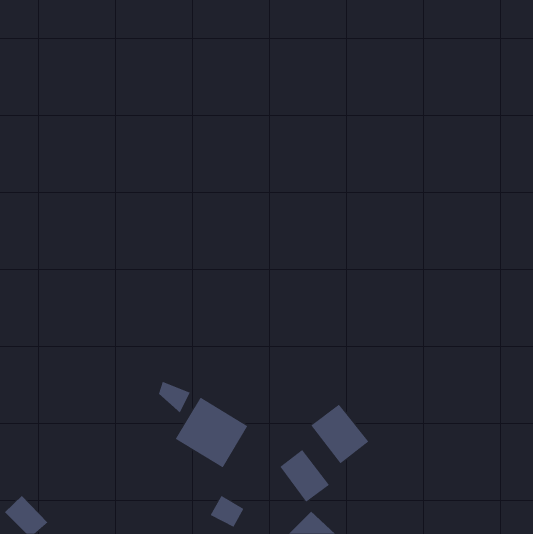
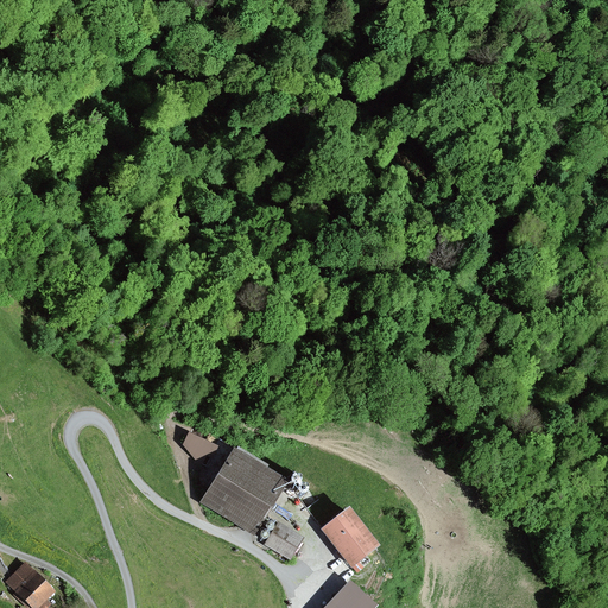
building: [311,404,369,464] -> none
building: [210,495,244,528] -> [262,522,302,559]

